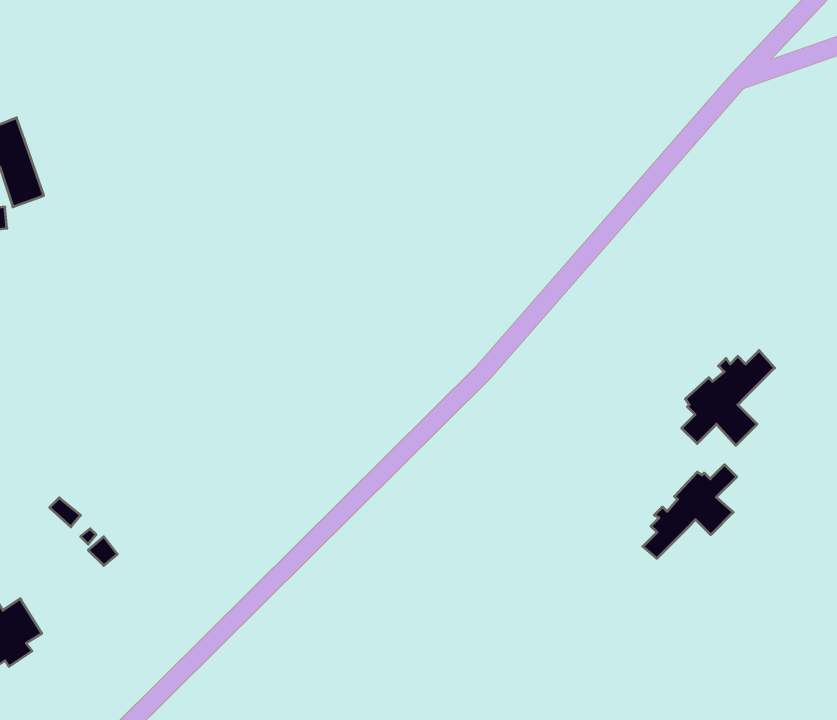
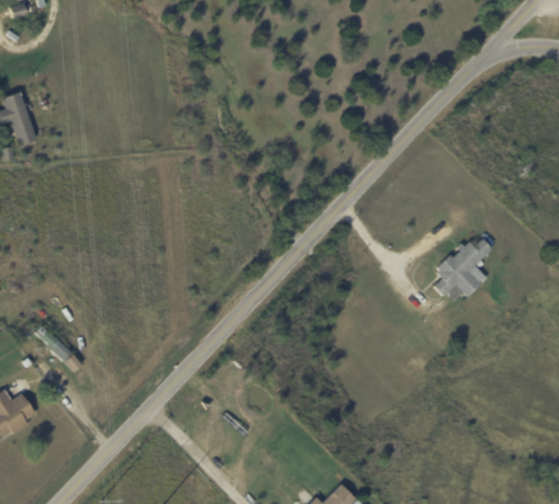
building: [643,465,737,558] -> none

